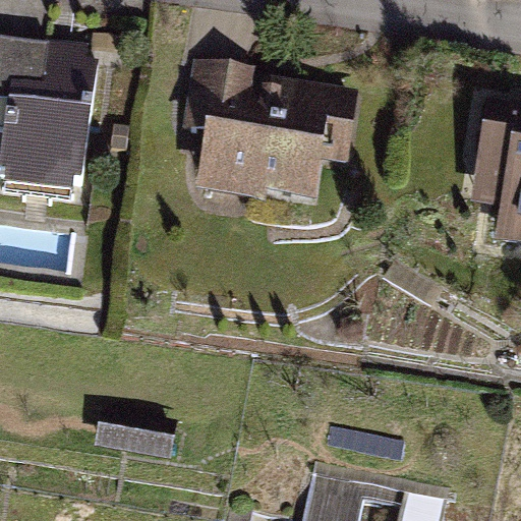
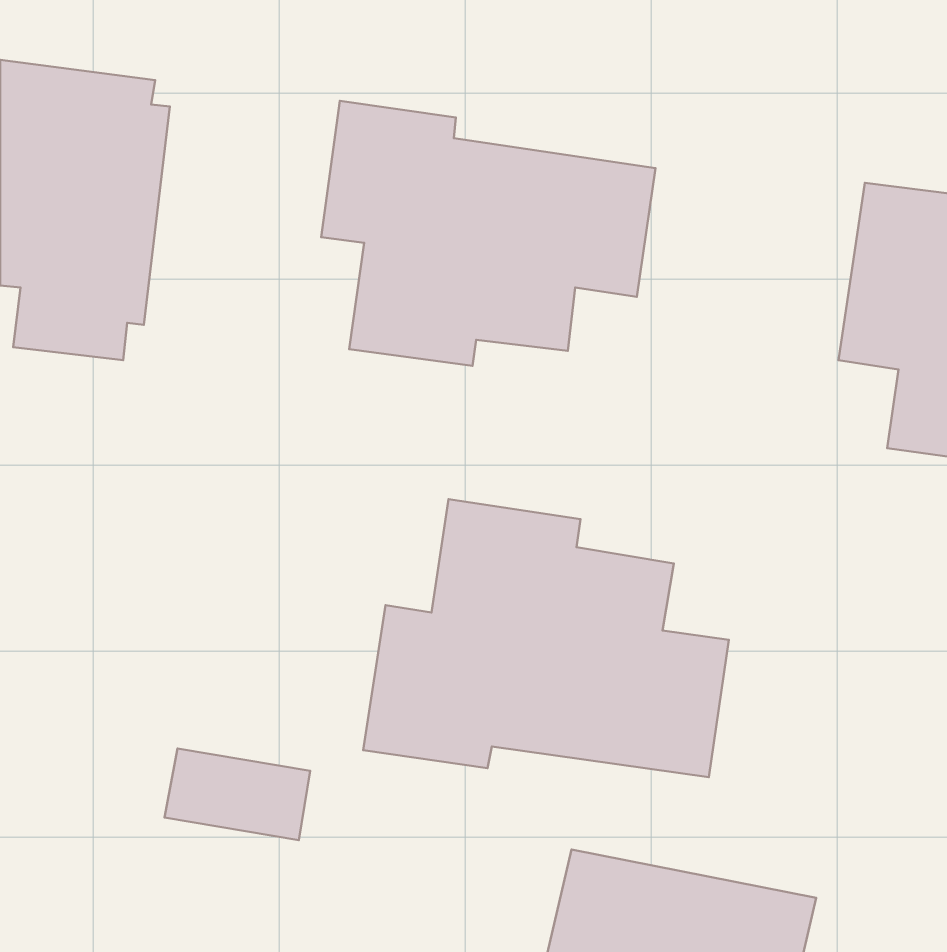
building: none -> [363,499,729,777]

